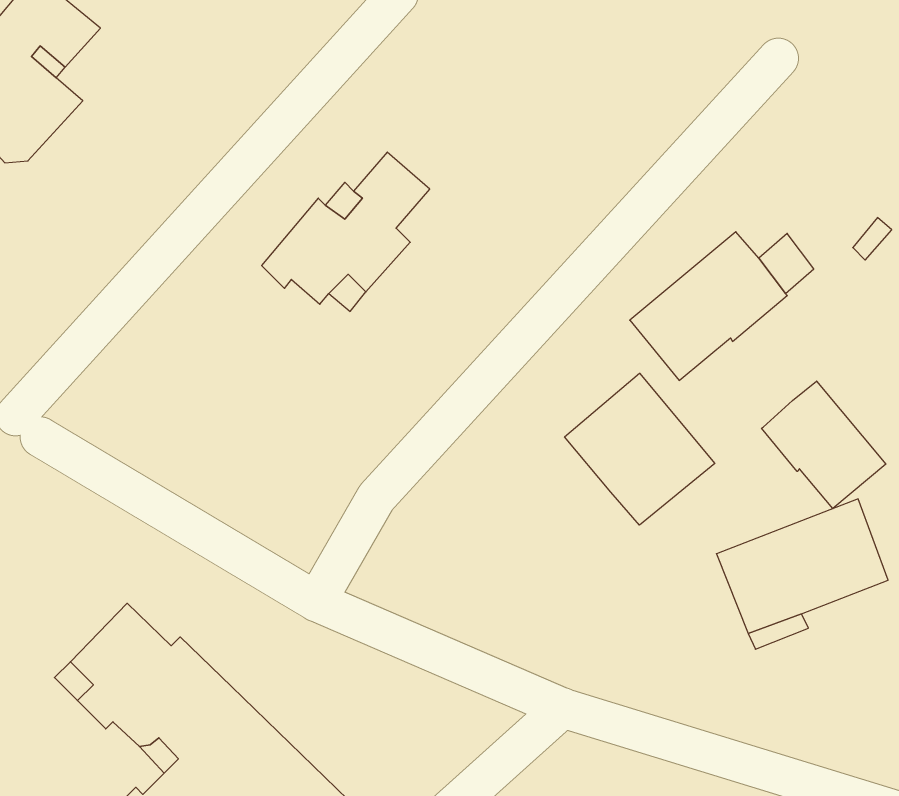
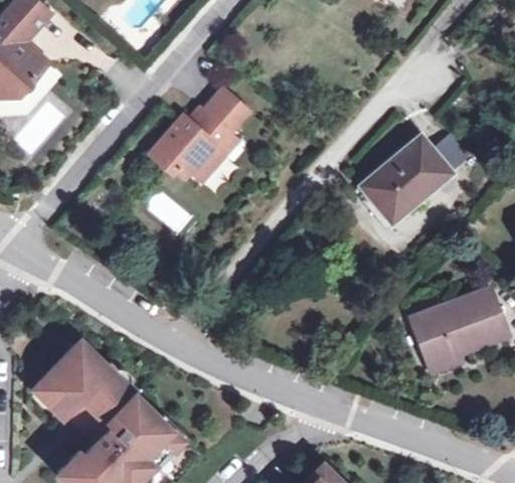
building: [565,373,715,525] -> none
building: [762,381,886,509] -> none

